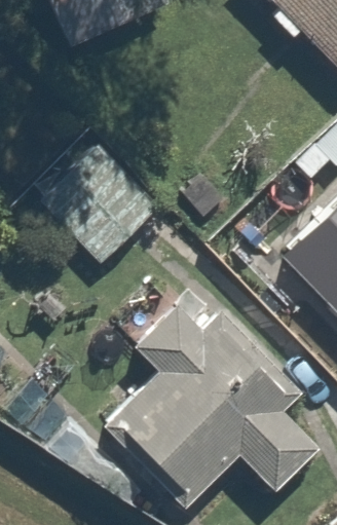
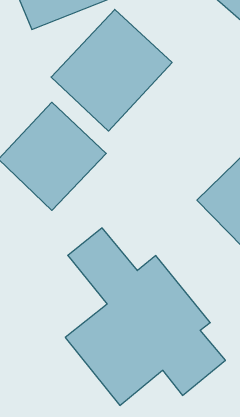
building: none -> [51,9,172,131]

